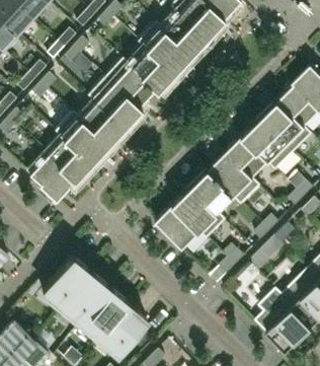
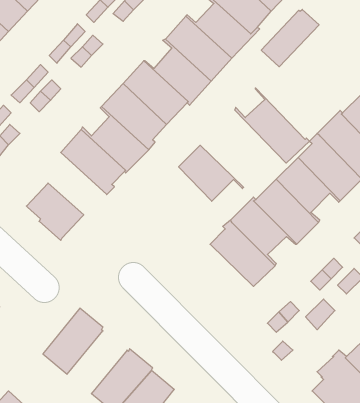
building: none -> [261,9,319,67]
building: none -> [235,88,309,163]
building: [46,131,92,182] -> none
building: [157,204,209,248] -> [179,145,244,201]
building: [61,272,108,322] -> none

